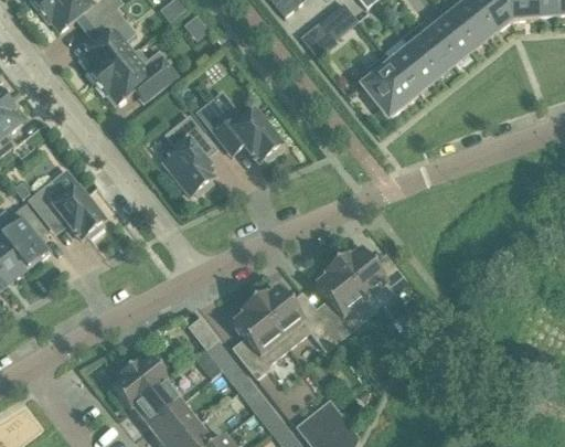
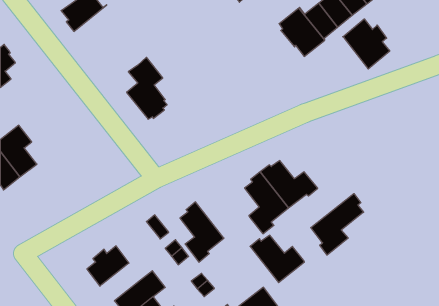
building: [95,49,177,104] -> none
building: none -> [343,19,390,69]
building: [195,92,282,162] -> none
building: [28,181,105,238] -> none
building: [250,287,320,348] -> [250,235,304,283]
building: none -> [311,194,364,255]
building: [130,381,180,428] -> none

